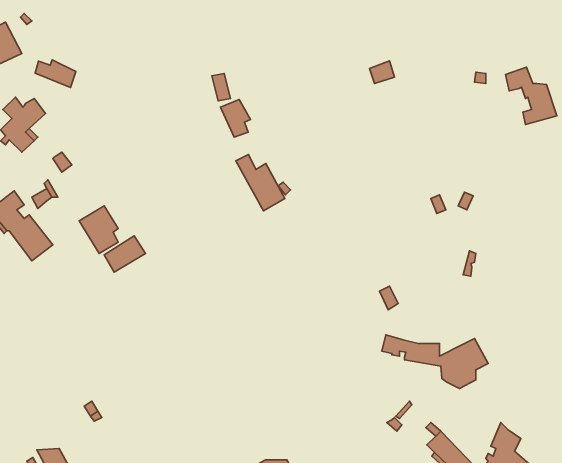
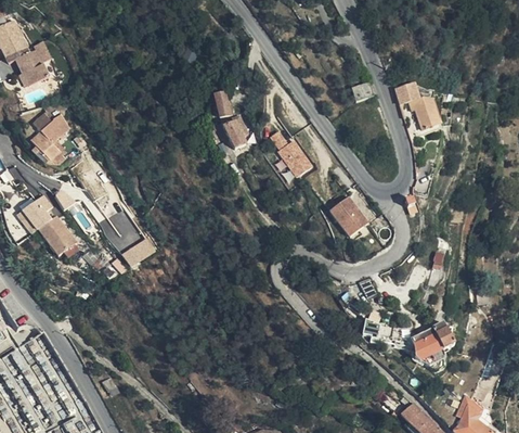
building: [35,60,76,88] -> none
building: [505,67,557,125] -> [395,82,440,132]
building: [236,155,285,211] -> [270,127,312,176]
building: none -> [330,198,368,237]

